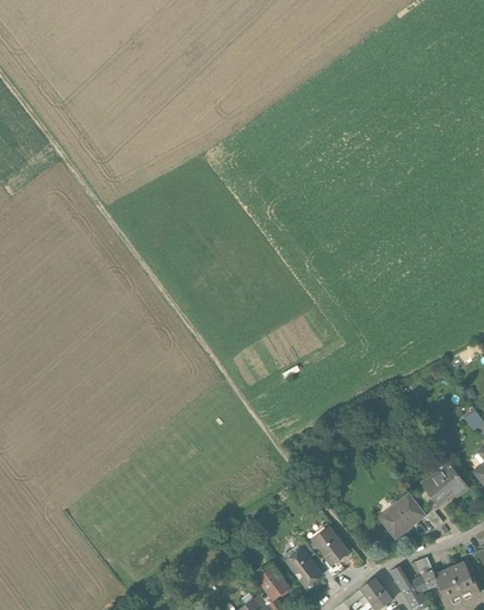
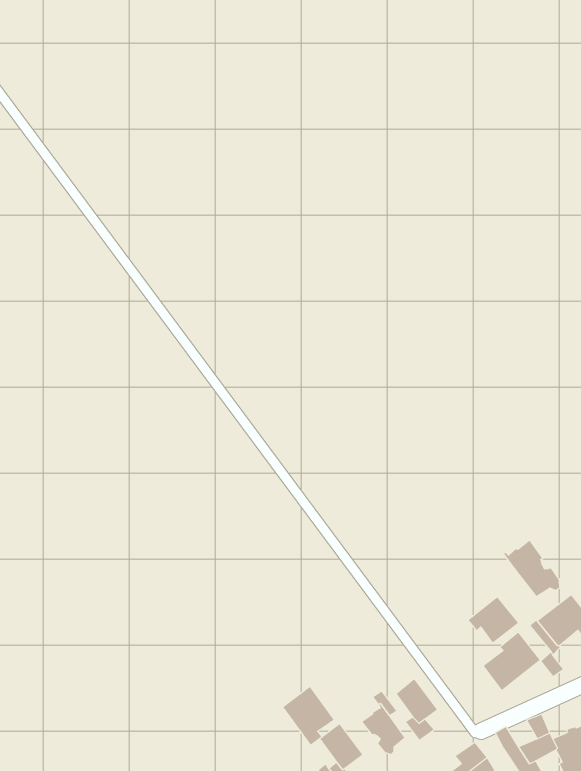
building: none -> [503,540,560,597]
building: none -> [468,596,519,643]
building: none -> [282,686,334,745]

